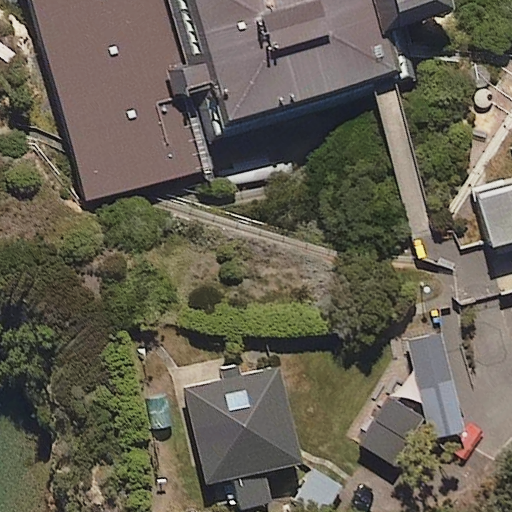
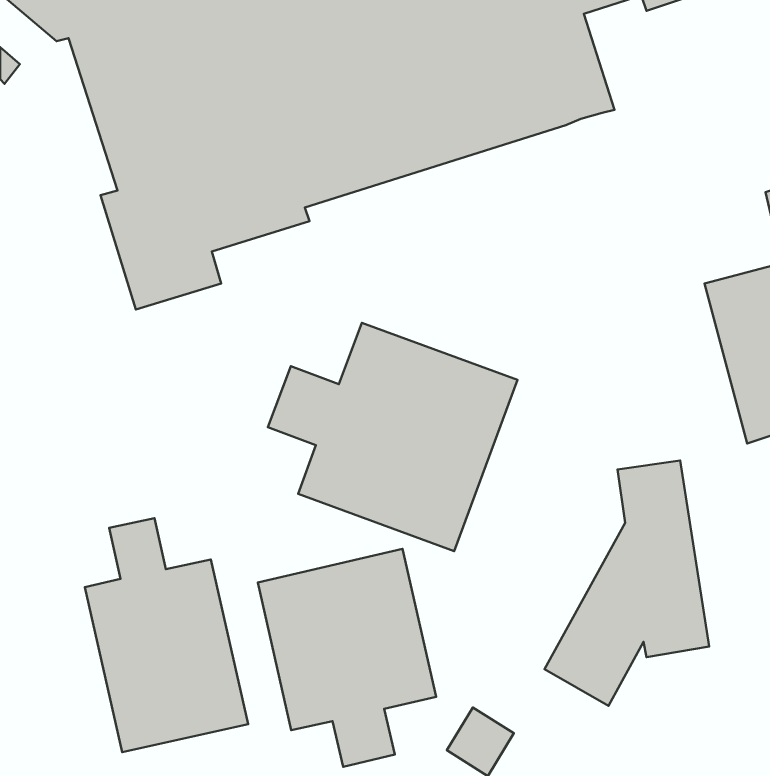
building: none -> [268,323,518,551]
building: none -> [85,518,248,752]

